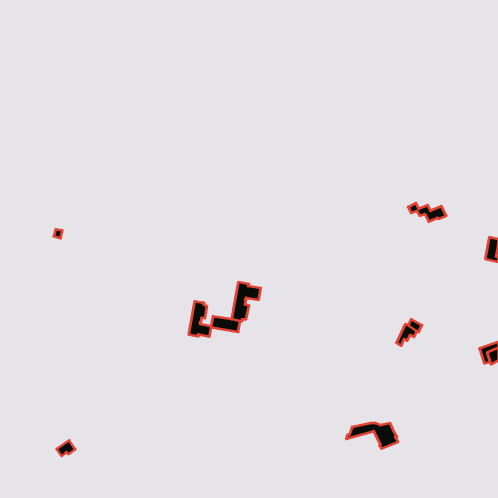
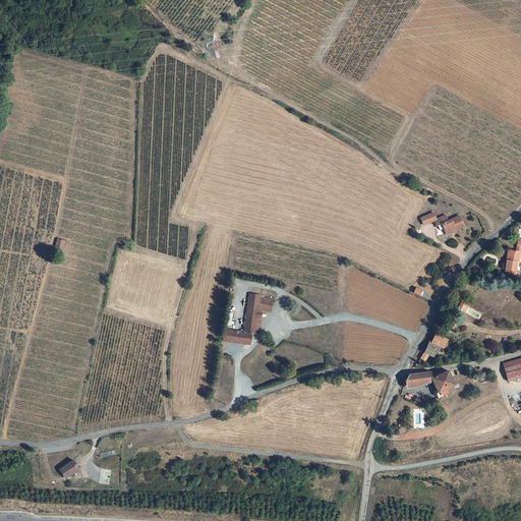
building: [189,301,211,337] -> none
building: [346,423,398,449] -> [404,371,458,398]

